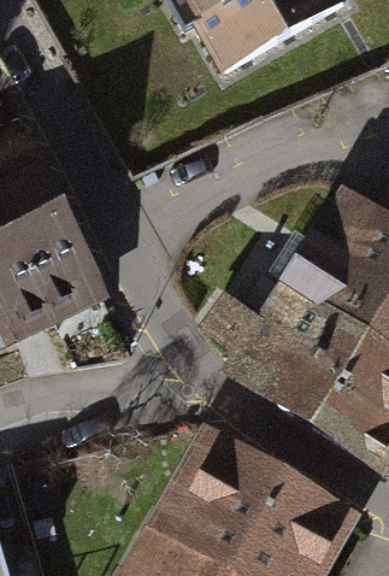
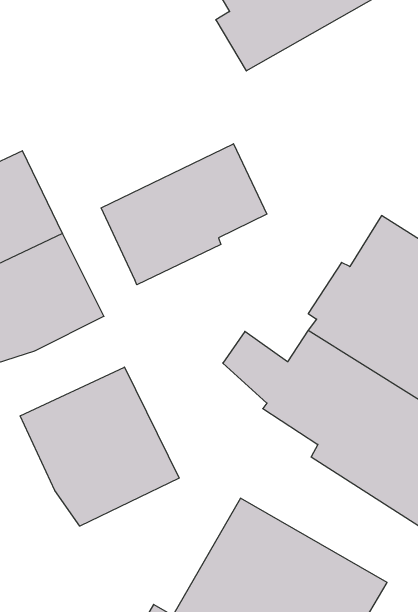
building: none -> [101,144,267,285]
building: none -> [20,367,179,526]

